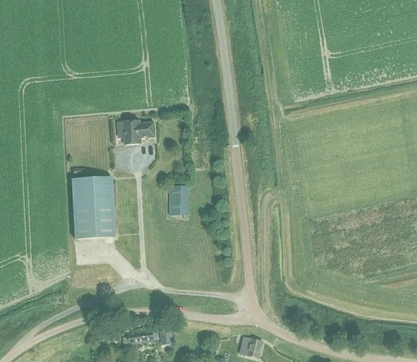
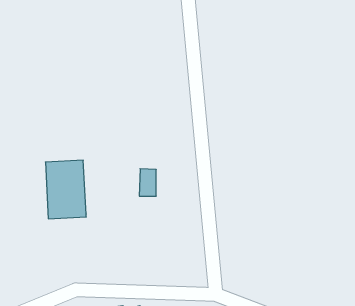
building: [118,120,155,144] -> none

